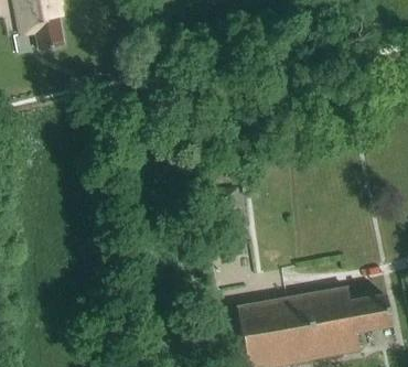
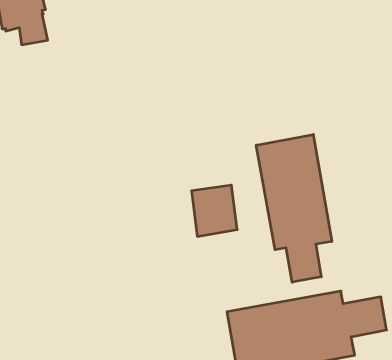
building: none -> [256,134,332,282]

